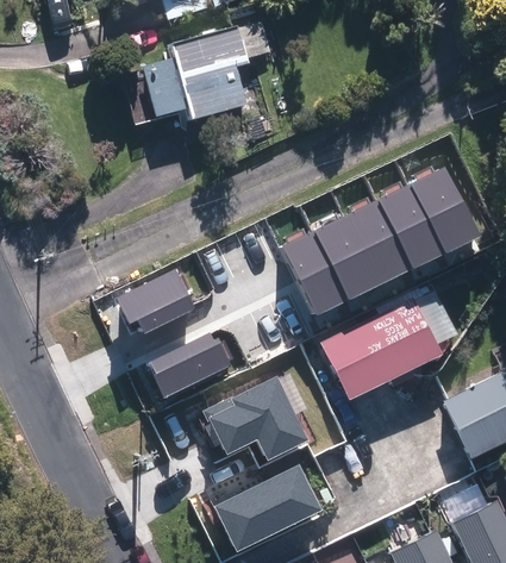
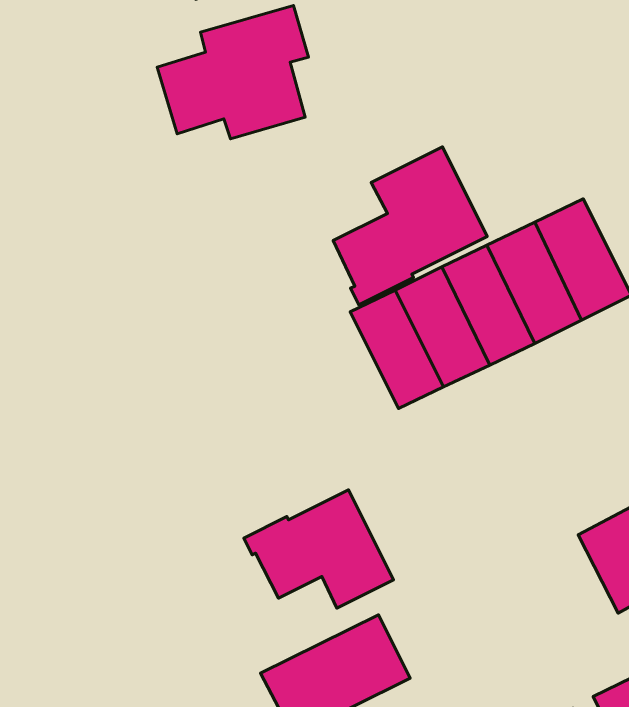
building: none -> [333,147,487,305]
building: [115,268,196,333] -> none
building: [320,300,442,401] -> none
building: [144,331,232,399] -> none

